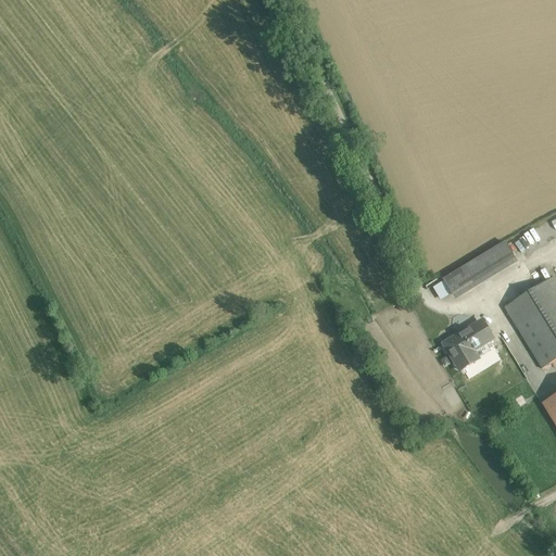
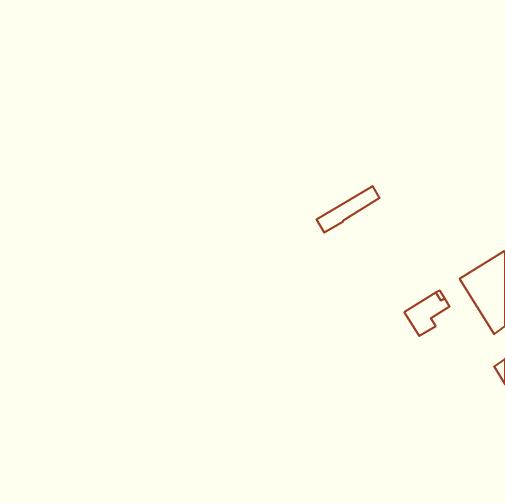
building: [444,241,514,292] -> [316,186,380,233]

